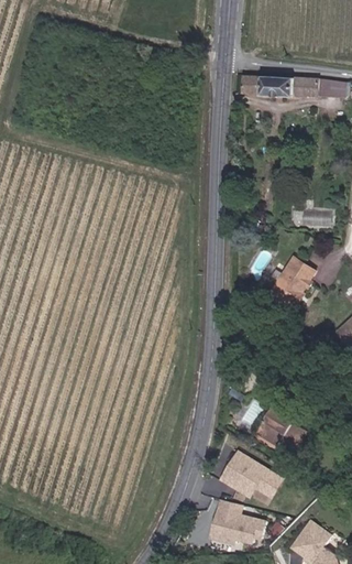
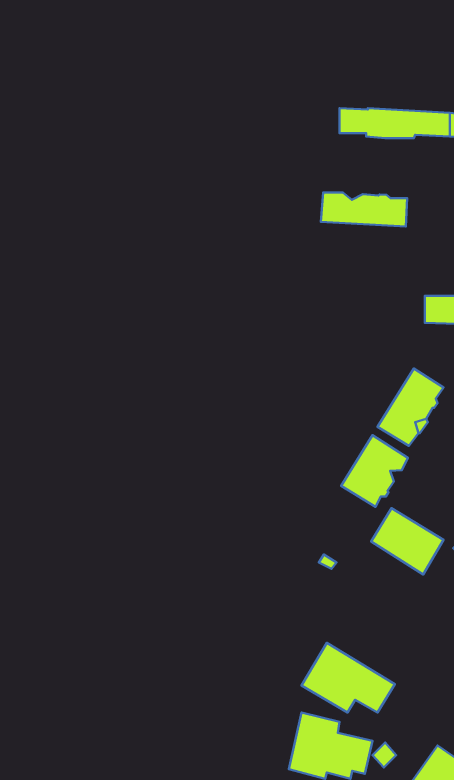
building: none -> [321,192,407,227]
building: none -> [341,435,408,507]
building: [257,409,308,455] -> [371,508,444,575]

